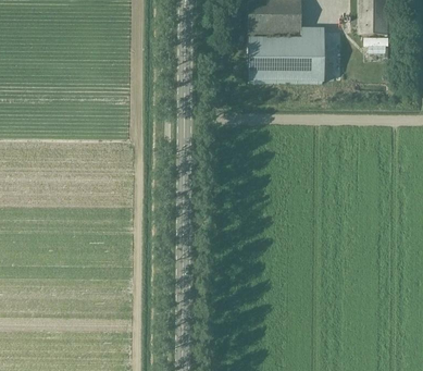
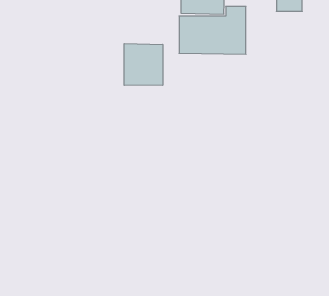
building: none -> [124,44,163,85]

